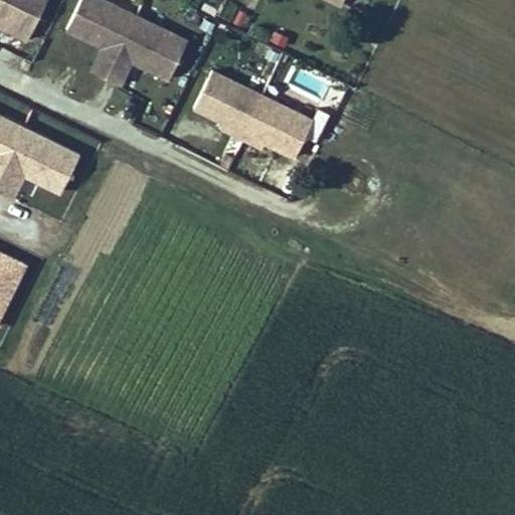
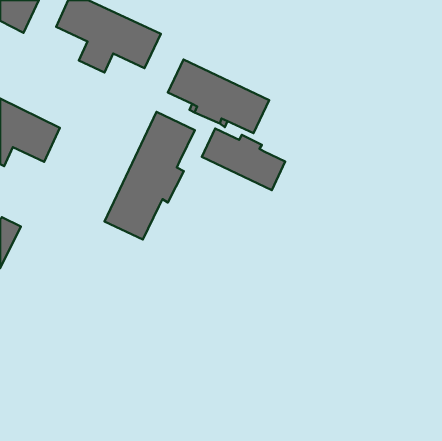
building: none -> [105,112,195,240]
building: none -> [202,128,285,190]

